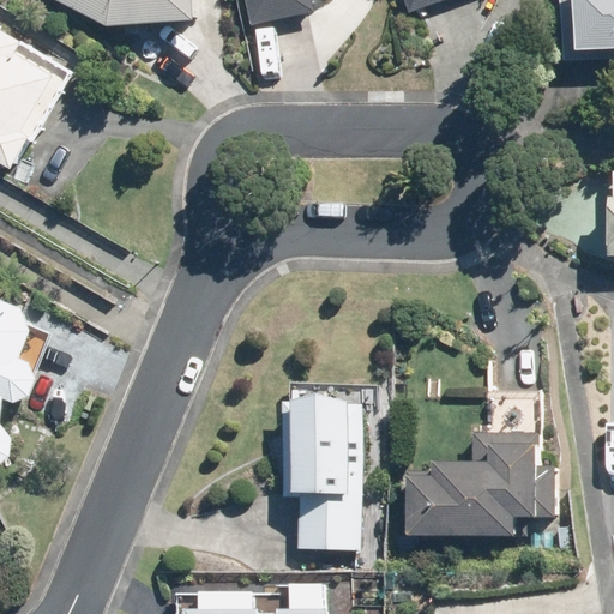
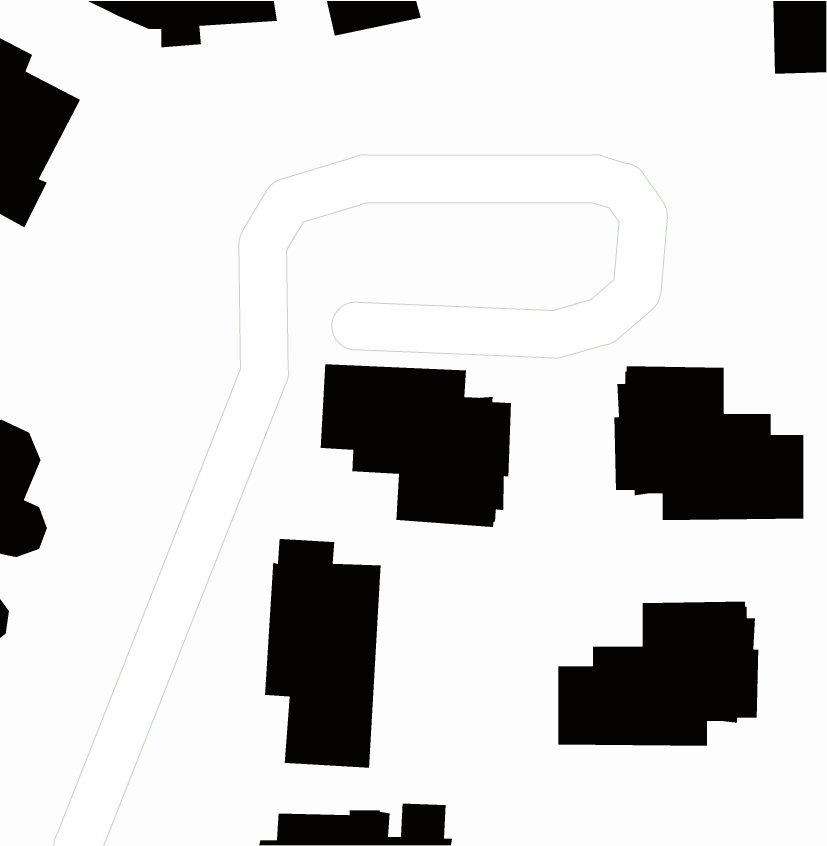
building: none -> [320,364,512,528]
building: none -> [613,365,804,521]
building: [282,381,367,548] -> [264,538,382,768]

